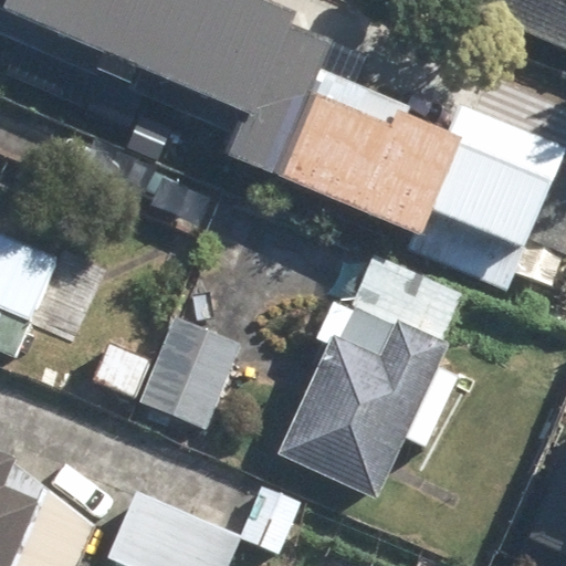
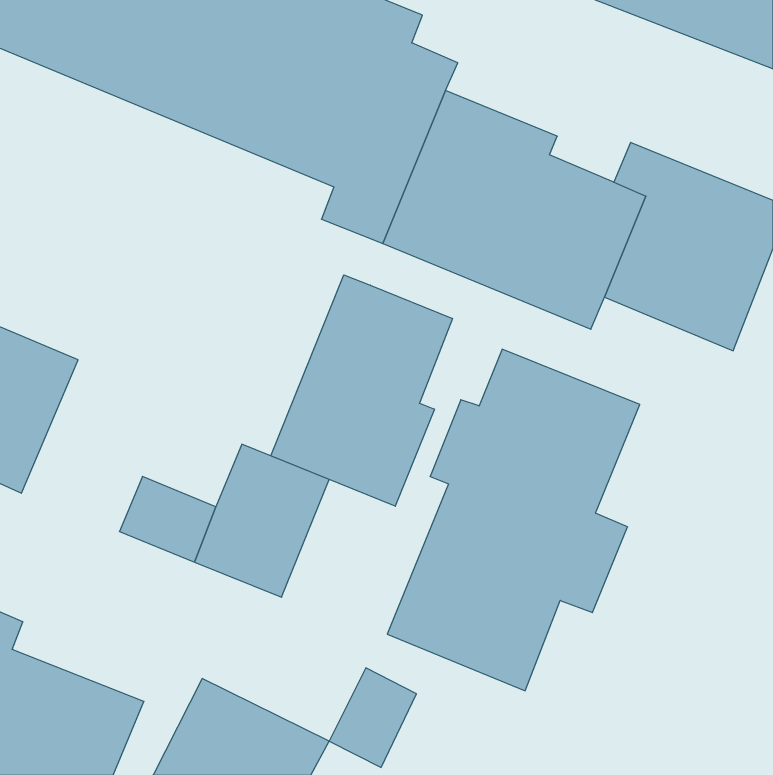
building: none -> [271,275,452,506]

